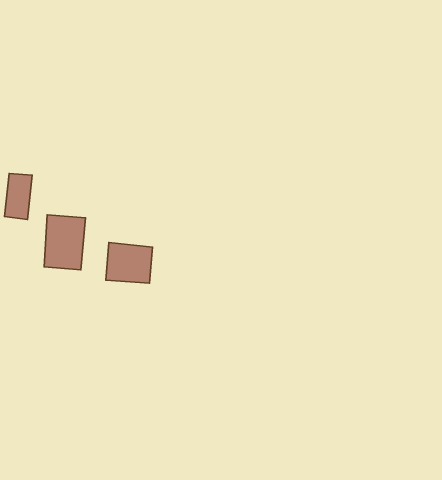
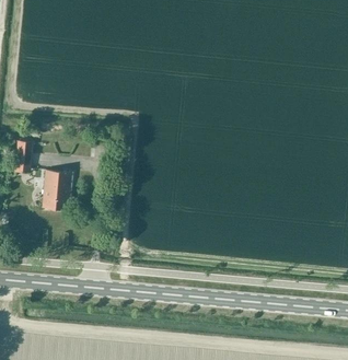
building: [106,243,152,283] -> none

